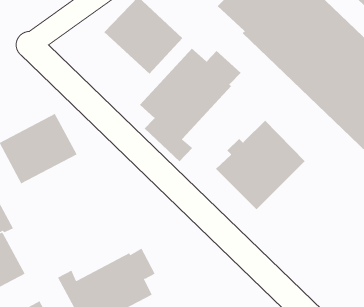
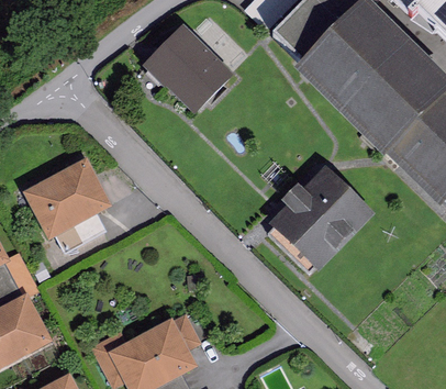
building: [139,48,242,162] -> none

